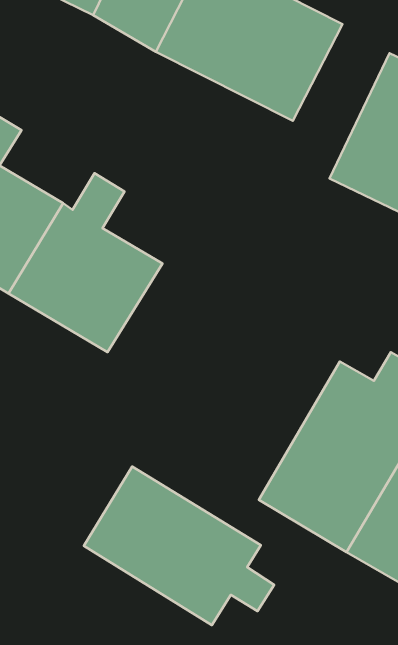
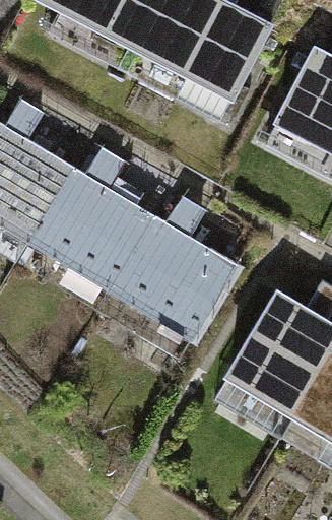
building: none -> [105,195,230,336]
building: [84,466,274,625] -> none

